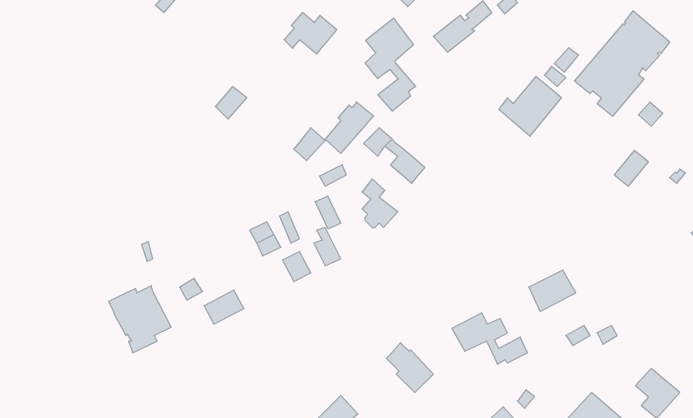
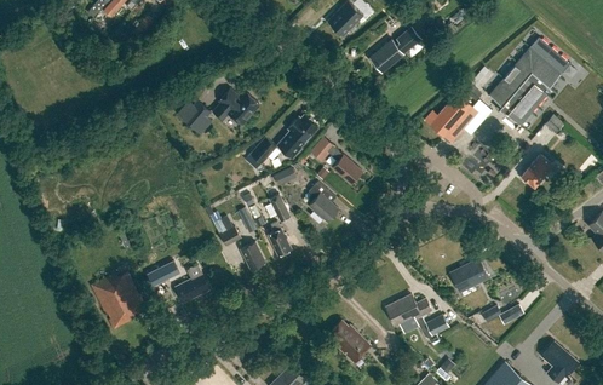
building: [284,13,337,54] -> [214,90,259,125]
building: [365,18,416,111] -> none

